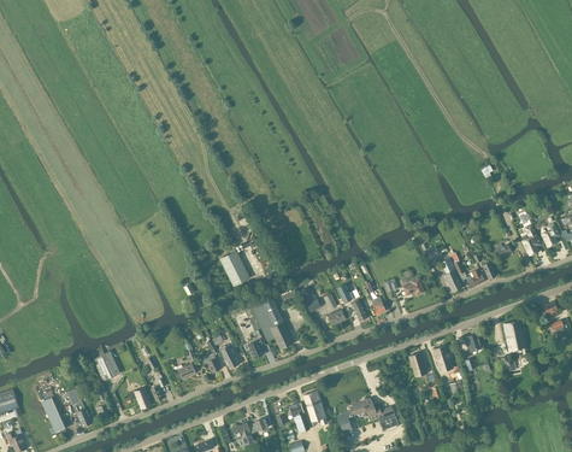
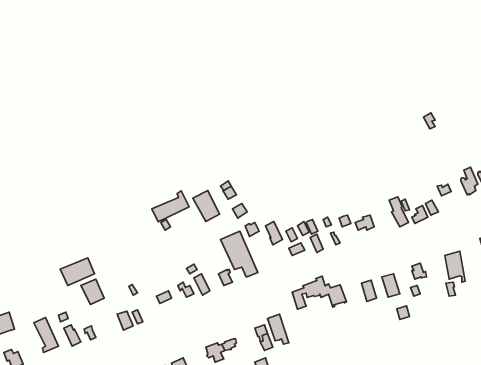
building: none -> [152,191,189,222]
building: none -> [60,258,94,286]
building: [337,397,399,434] -> [292,276,347,309]

